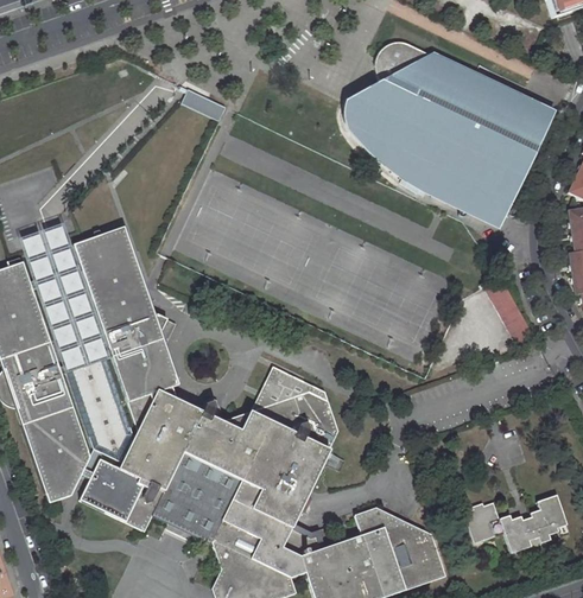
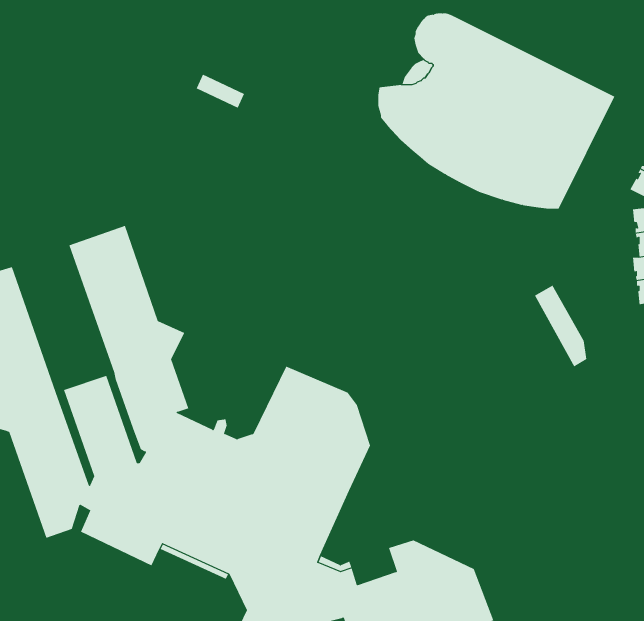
building: [17,223,108,373] -> none
building: [464,494,570,553] -> none

